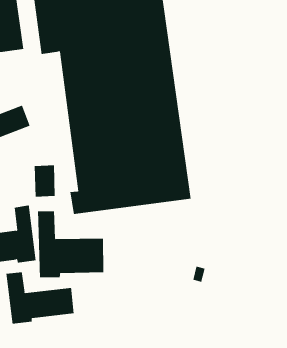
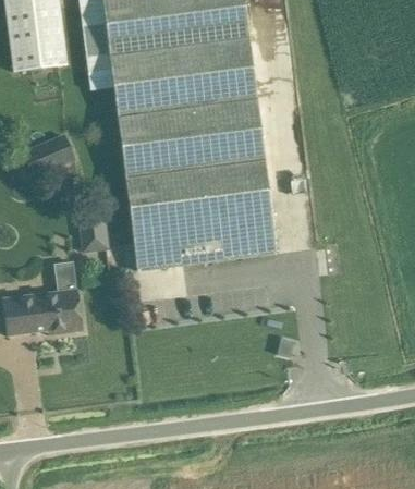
building: [38,211,104,278] -> none
building: [6,272,74,324] -> none

